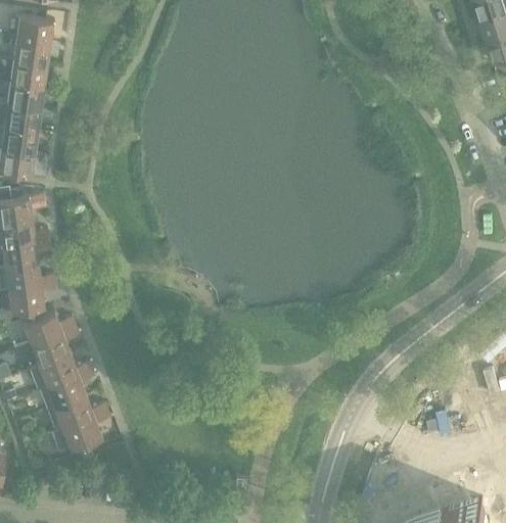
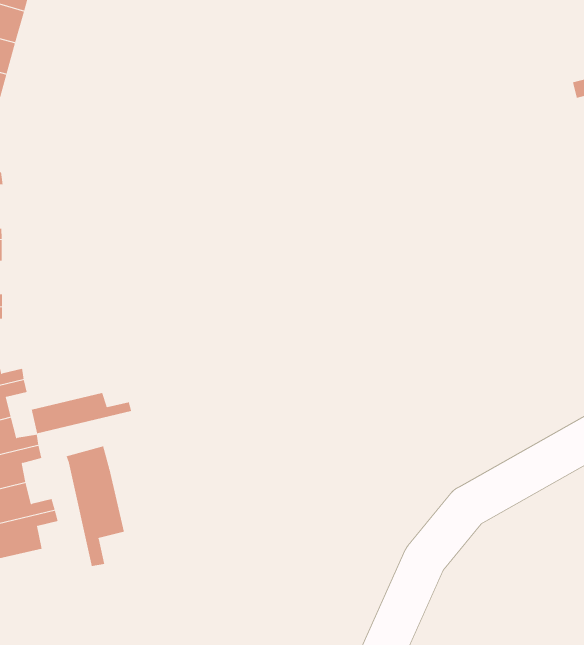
building: none -> [31,392,132,434]
building: none -> [66,445,125,567]

